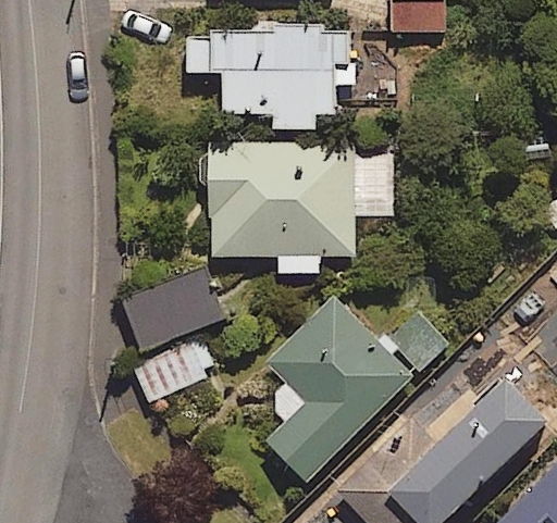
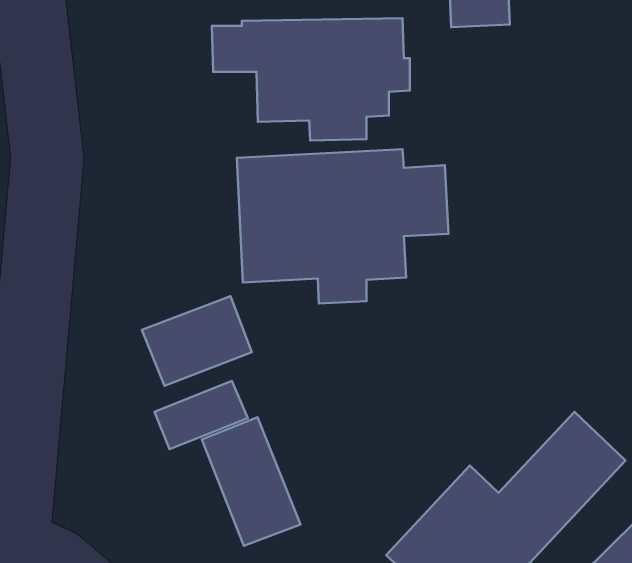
building: [267,298,450,482] -> none
building: none -> [202,417,300,546]

